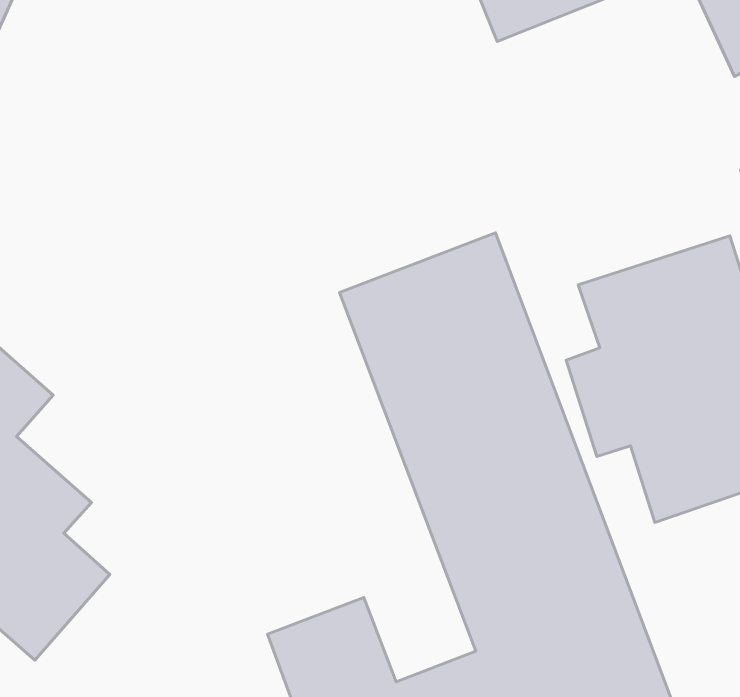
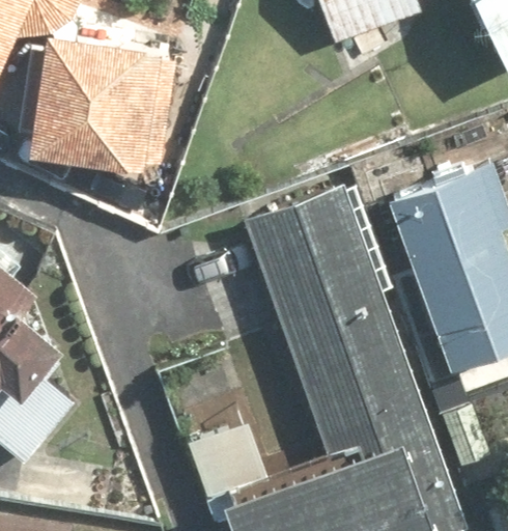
building: none -> [38,40,168,171]

